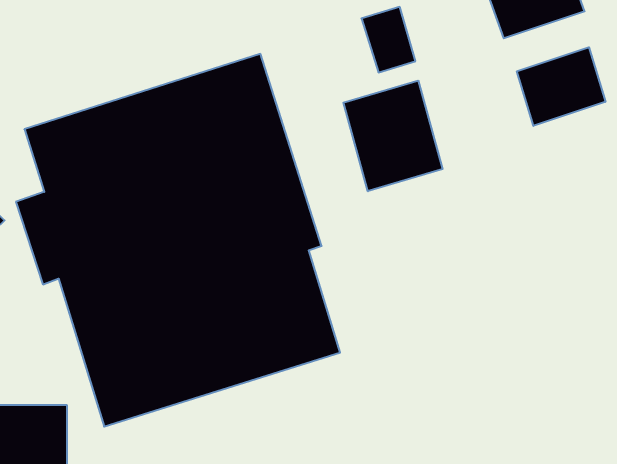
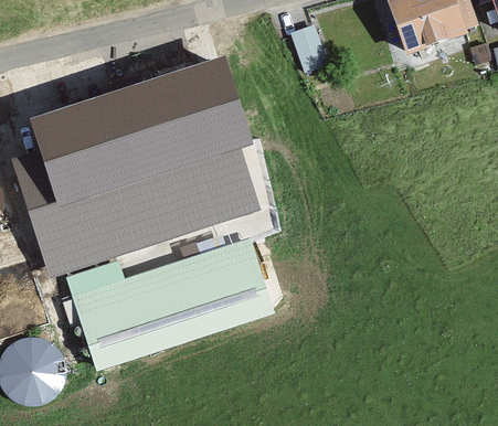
building: [517,47,605,126] -> none
building: [343,81,443,191] -> none

